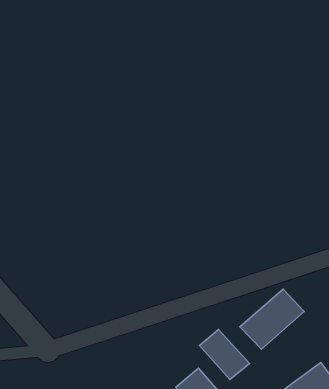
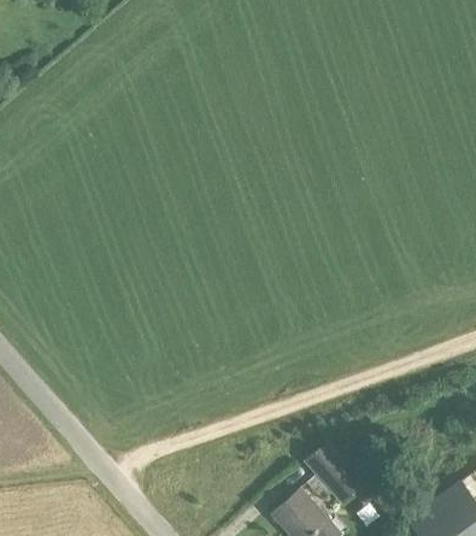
building: [240,289,304,349] -> none

